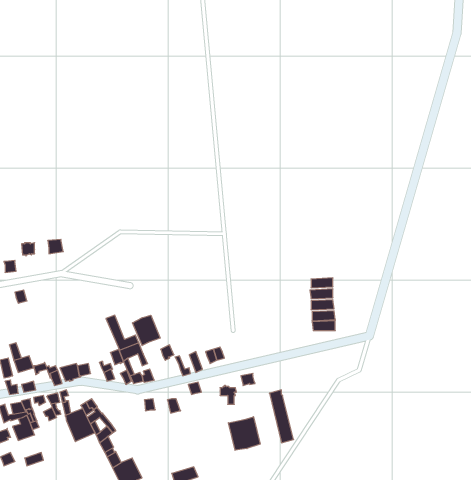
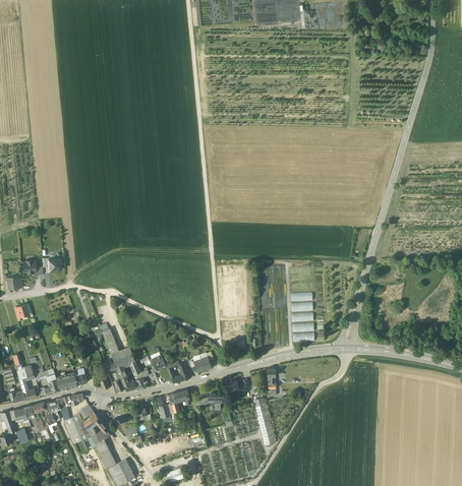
building: [133,315,160,346] -> none
building: [228,417,260,450] -> none

